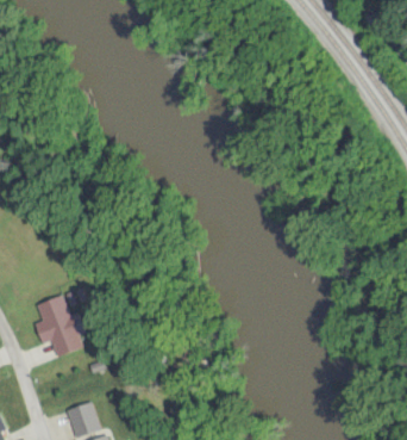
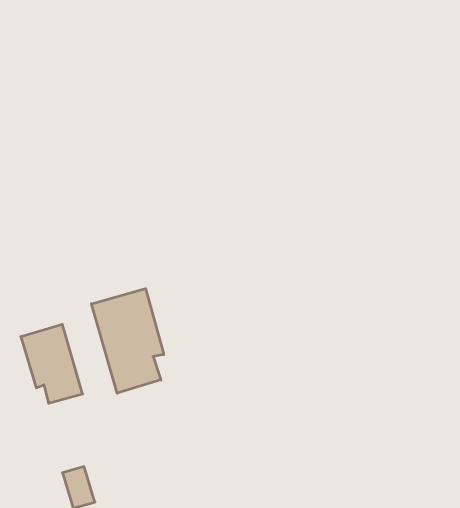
building: none -> [91,289,164,393]

